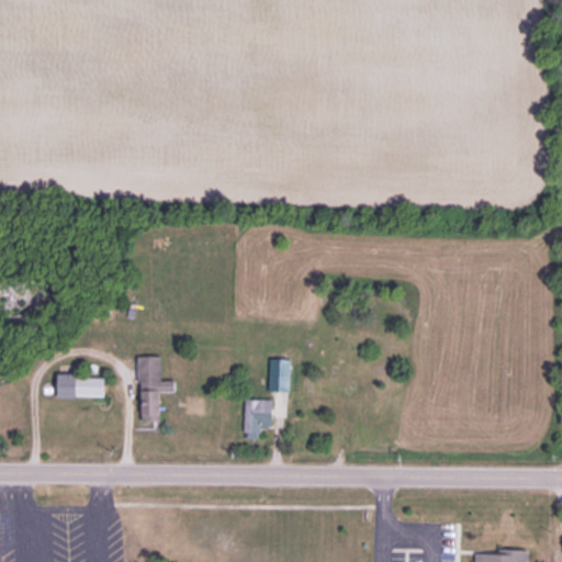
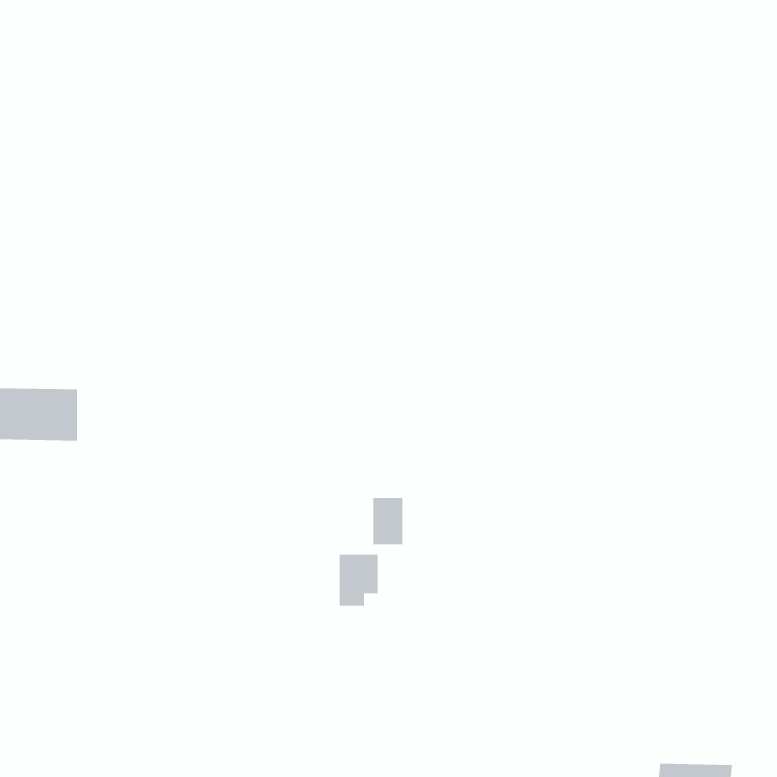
building: [137,357,176,423] -> none
building: [57,375,105,398] -> none

